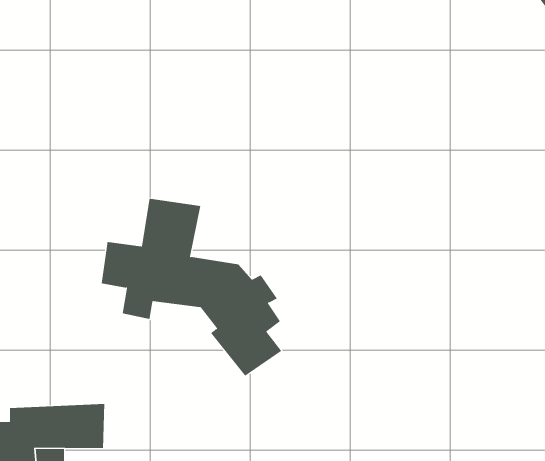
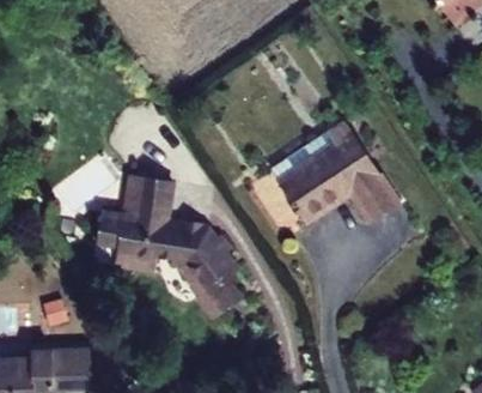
building: none -> [270,117,401,222]

